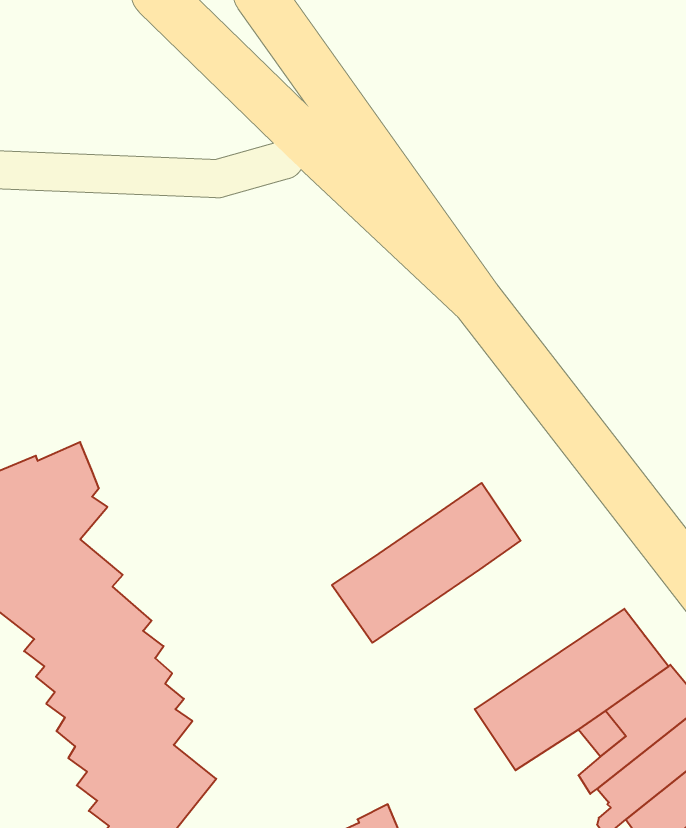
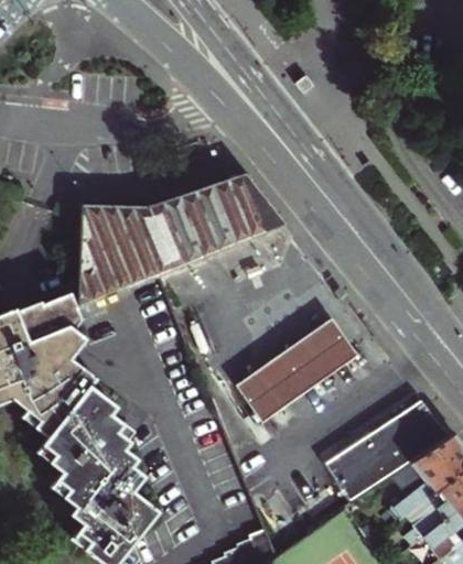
building: none -> [77,174,284,311]

